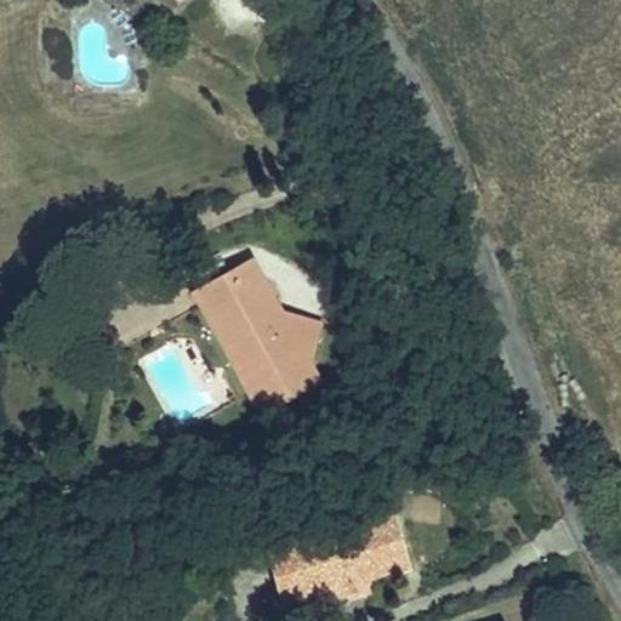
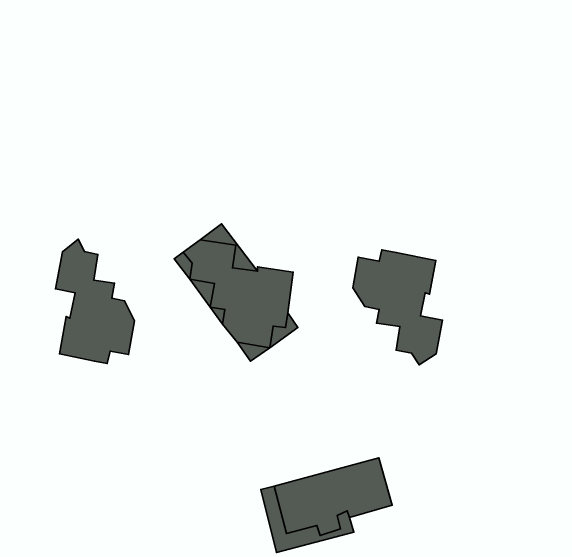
building: none -> [56,239,134,364]
building: none -> [353,250,443,365]

